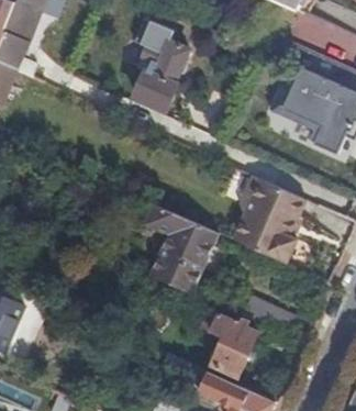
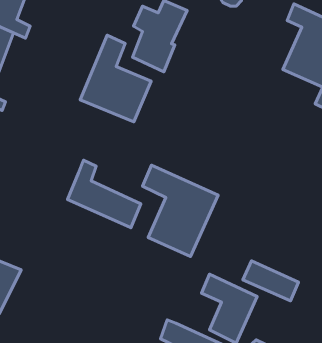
building: none -> [80,35,151,122]
building: [234,175,305,262] -> none
building: none -> [68,160,141,228]

